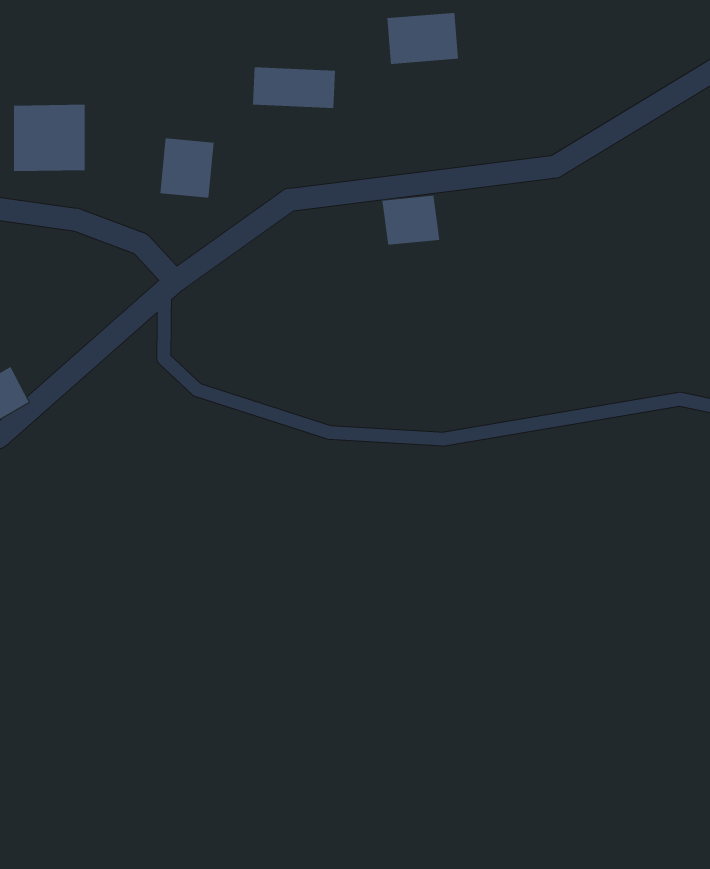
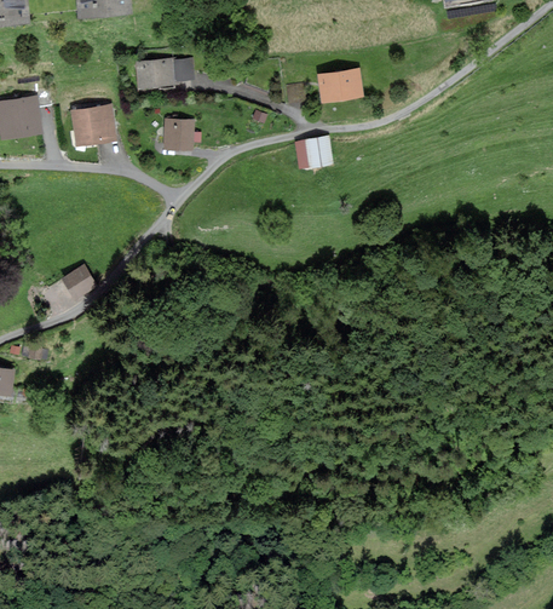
building: [386,12,459,64] -> [316,69,362,104]
building: [252,67,336,108] -> [139,58,190,84]

